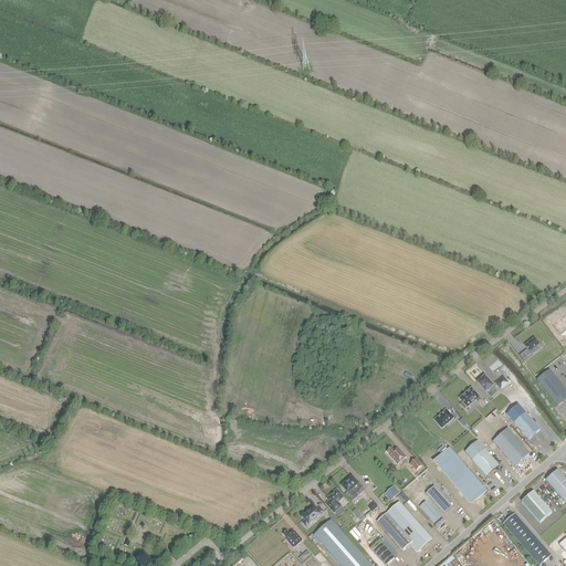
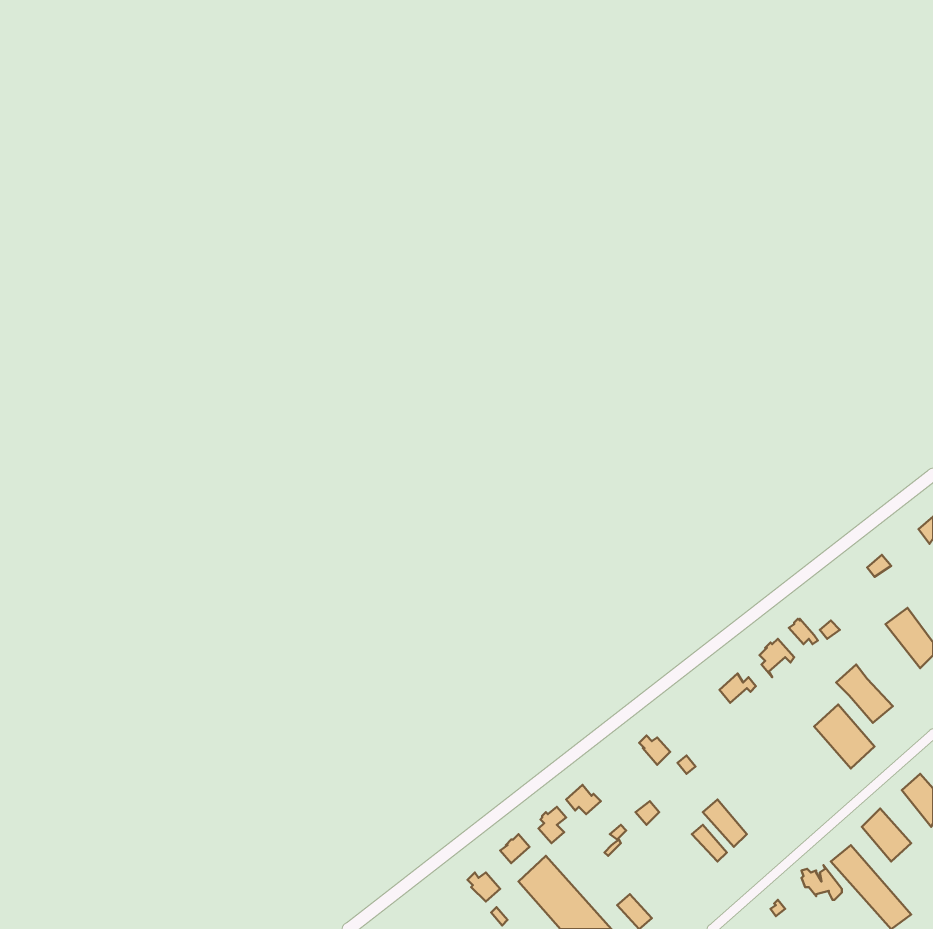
building: [464,439,500,475] -> none
building: [433,447,486,501] -> none
building: [377,501,432,551] -> none

